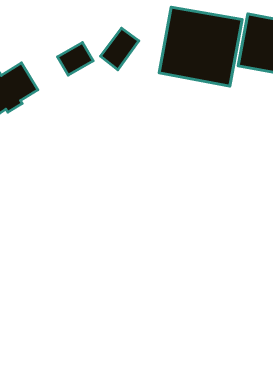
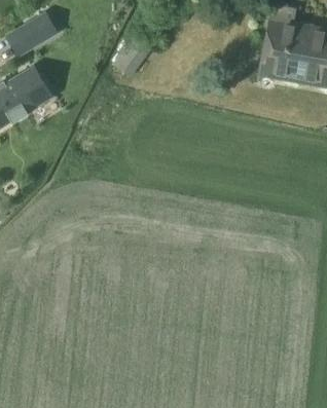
building: [159,7,242,86] -> none
building: [57,42,93,75] -> [19,12,57,47]

